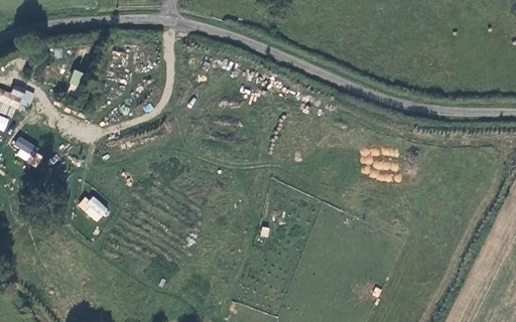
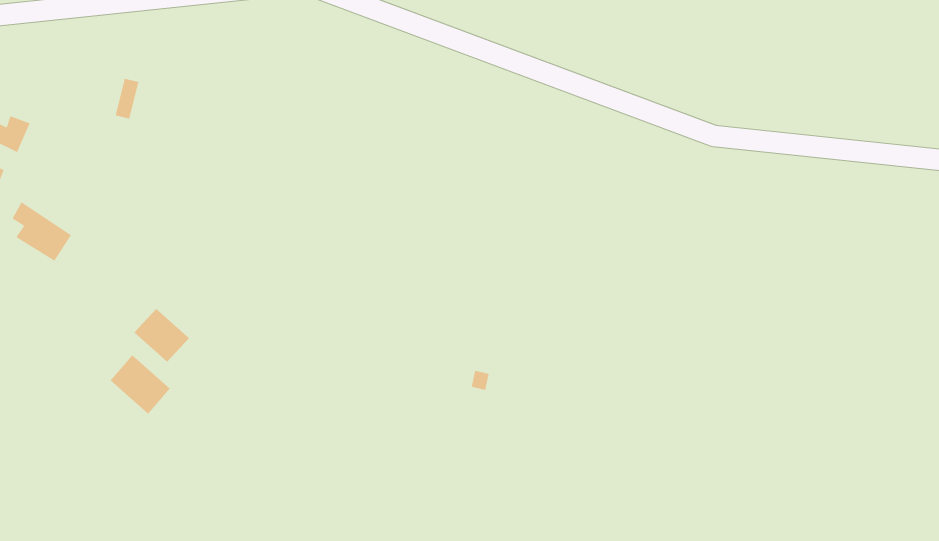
building: none -> [110,354,170,415]

